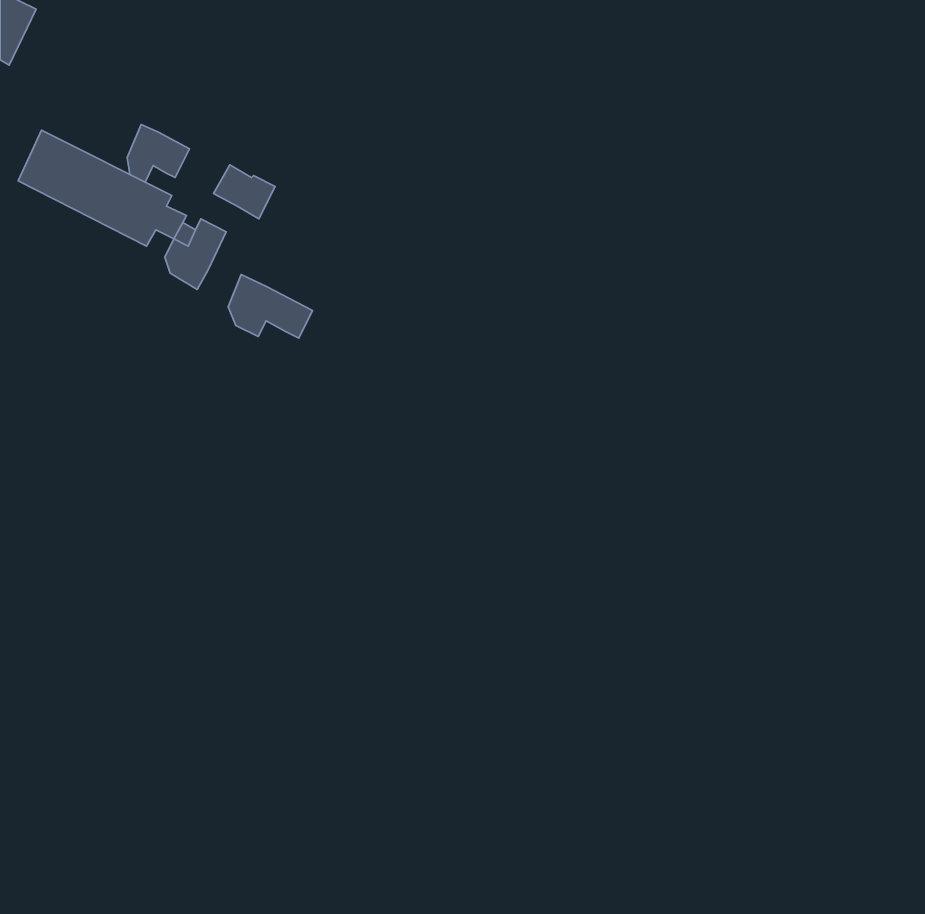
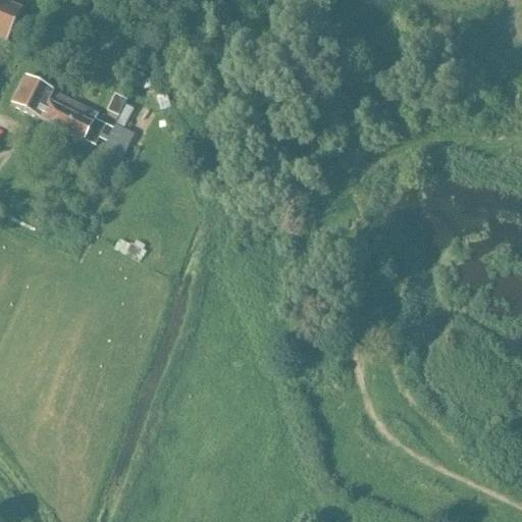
building: [127,125,190,182] -> none
building: [228,275,313,338] -> none

